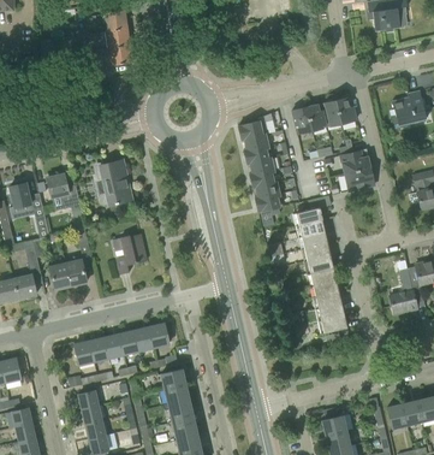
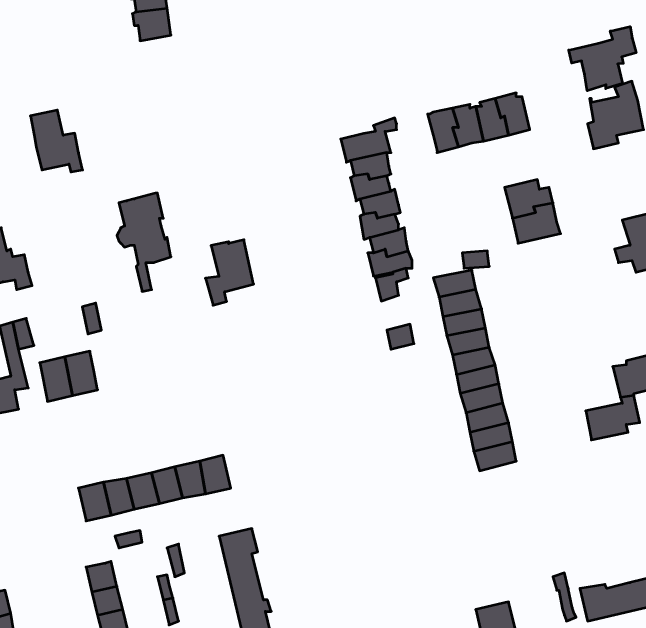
building: none -> [569,27,636,91]
building: [48,173,81,212] -> [30,110,83,172]
building: [117,232,147,273] -> [205,240,254,305]

